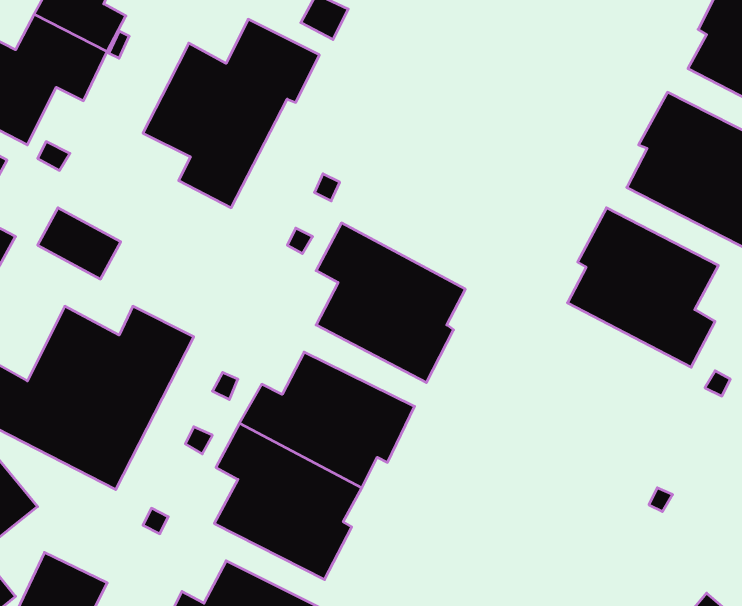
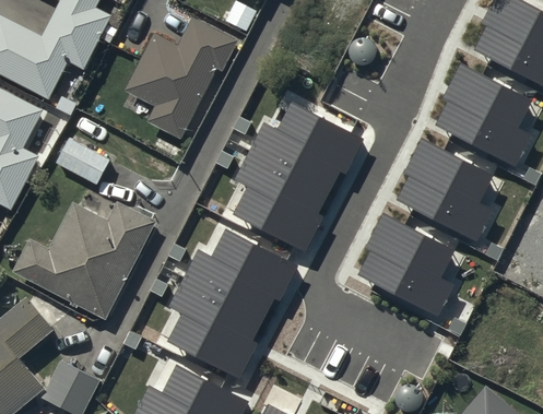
building: none -> [251,103,364,191]
building: none -> [359,213,457,316]

